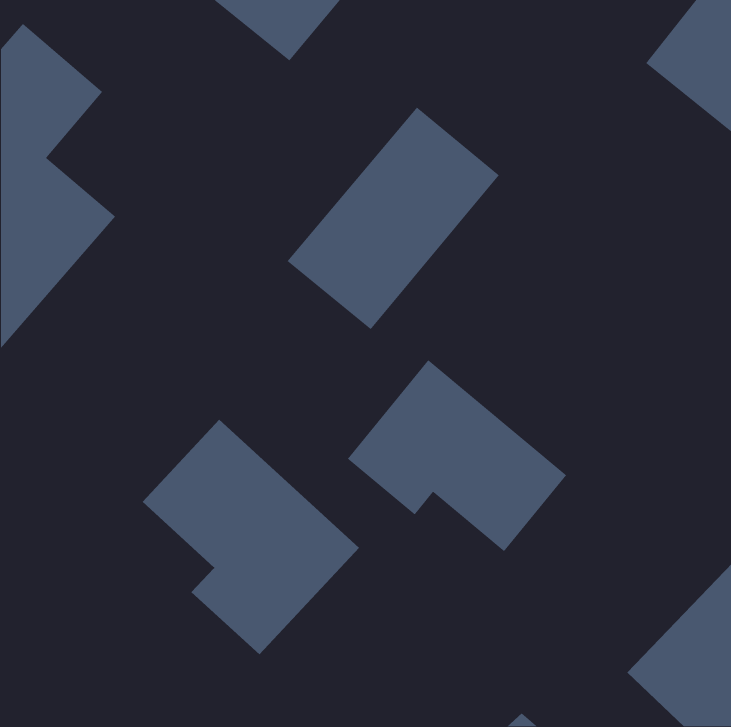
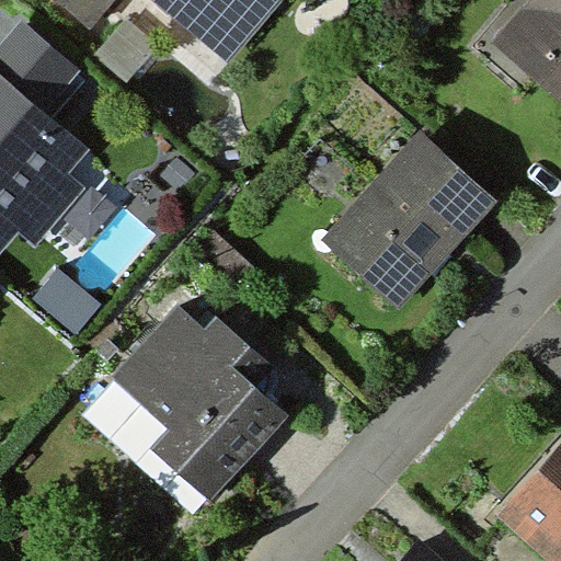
building: [286,106,500,330] -> [332,137,495,308]
building: [347,359,567,552] -> none

